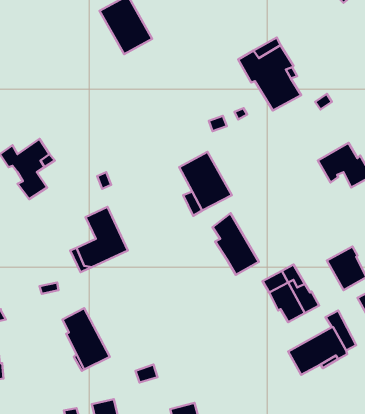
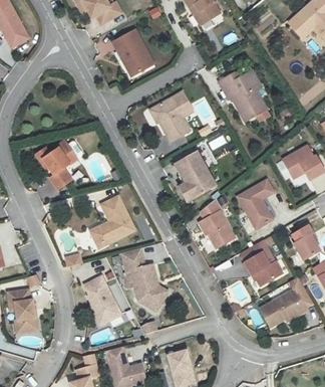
building: none -> [150,90,194,141]
building: none -> [238,181,275,230]
building: none -> [121,249,167,313]

